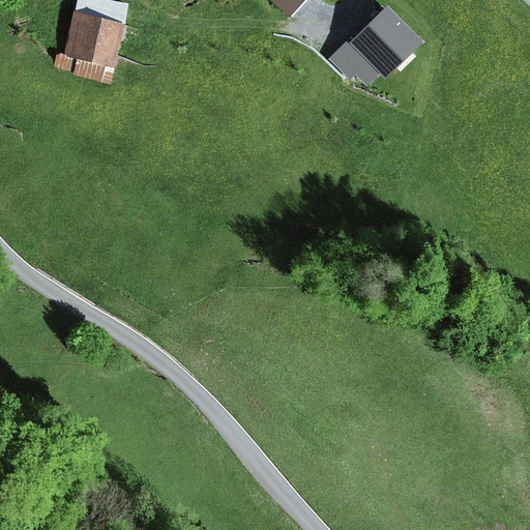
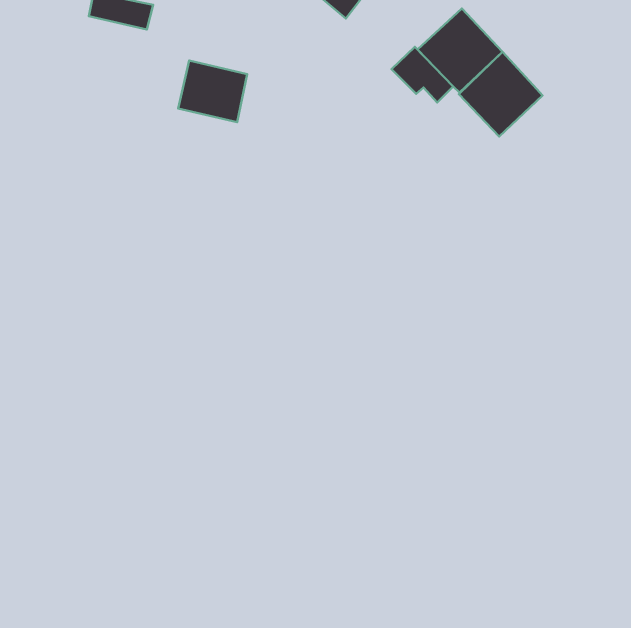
building: [65,13,123,65] -> [178,60,247,122]
building: none -> [459,52,543,137]

